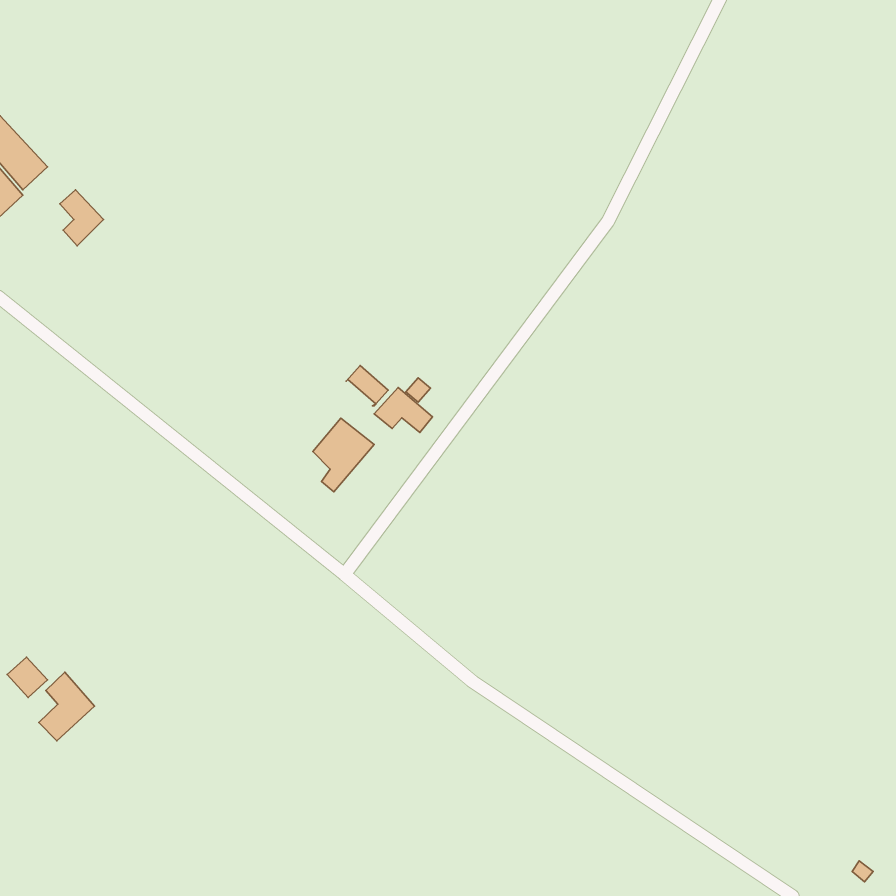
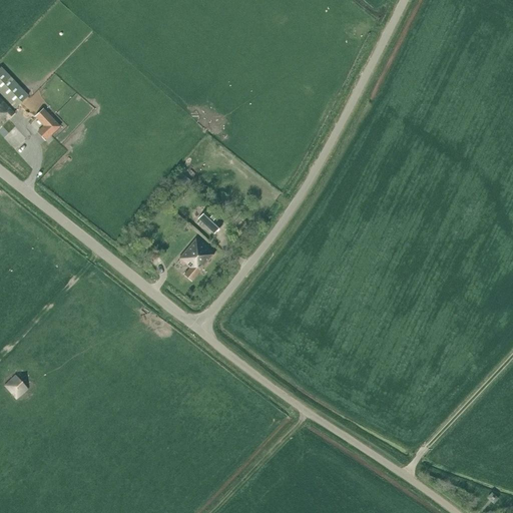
building: [374,387,432,433] -> none
building: [39,672,94,741] -> none

